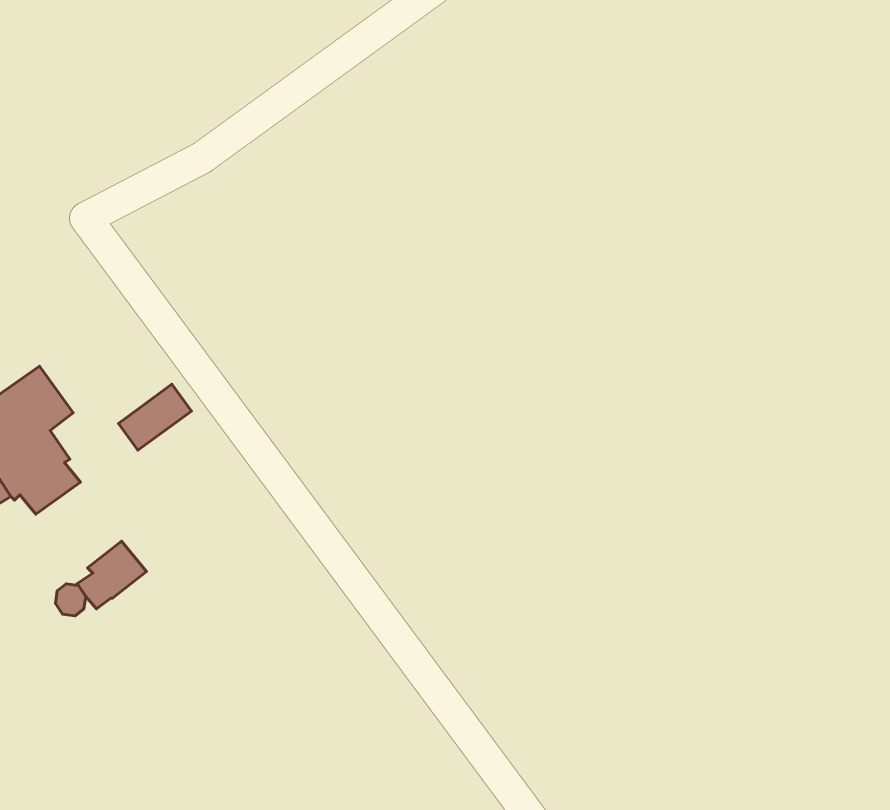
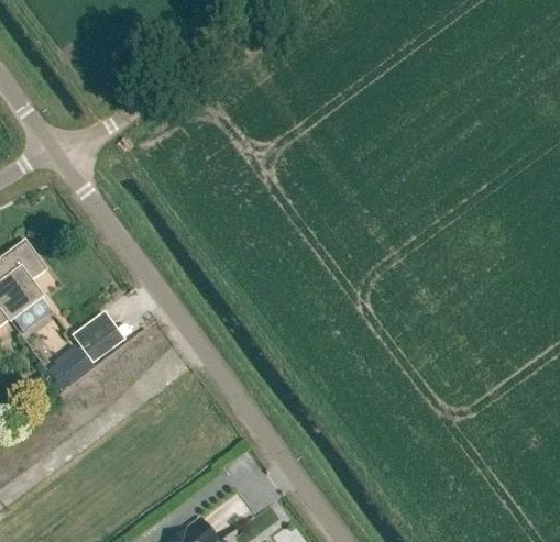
building: [118,384,191,450] -> [72,312,117,353]

